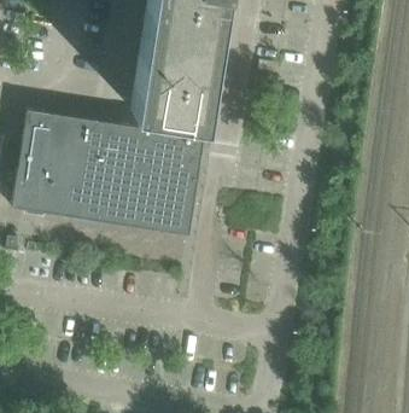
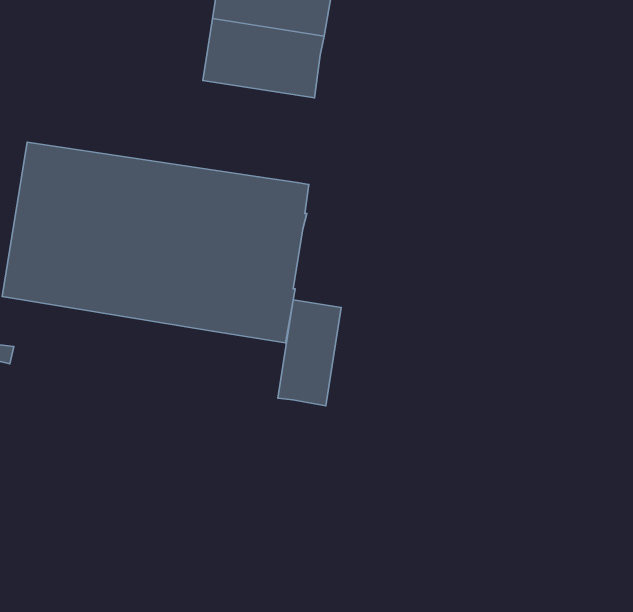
building: [133,71,209,135] -> none
building: none -> [278,300,341,406]

